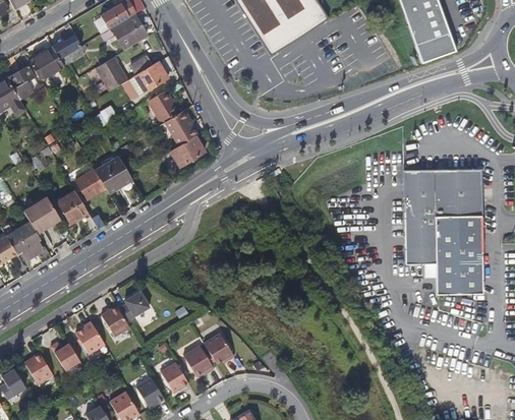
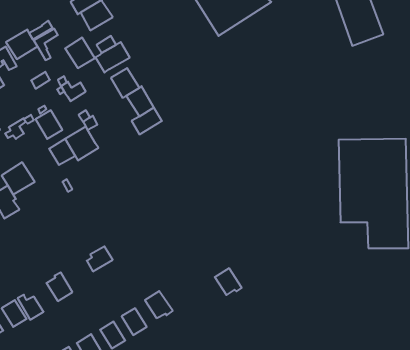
building: [59,192,90,225] -> [35,110,62,139]
building: [101,306,129,337] -> none
building: [207,331,237,361] -> [215,268,242,295]

